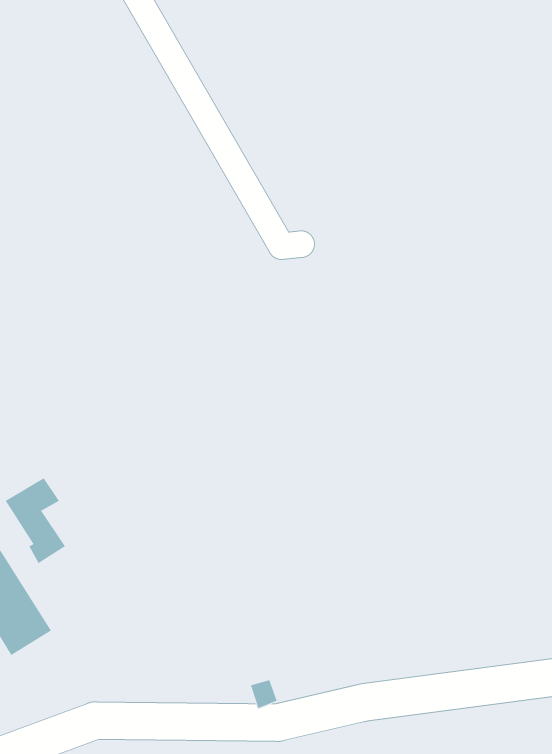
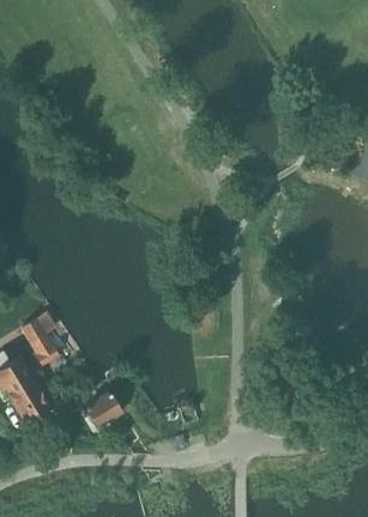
building: none -> [85,390,122,426]

